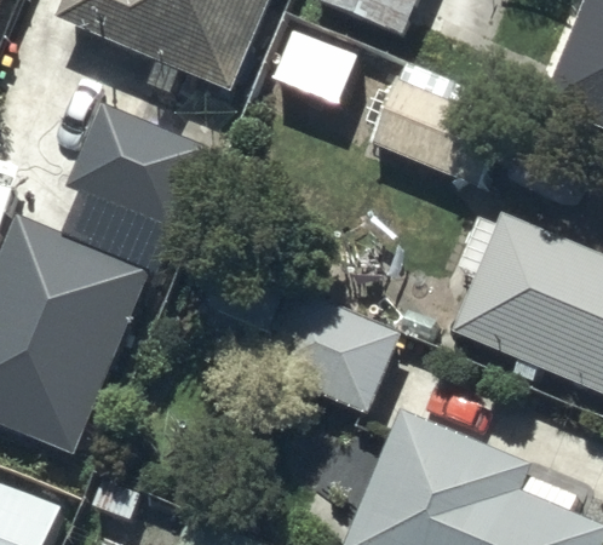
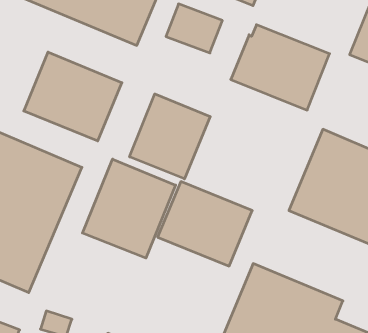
building: none -> [130,94,210,179]
building: none -> [82,159,176,258]

